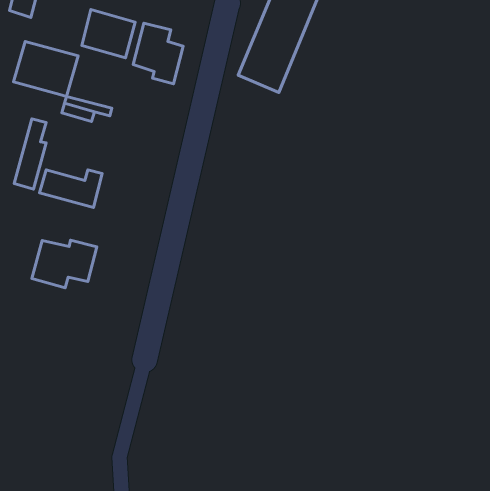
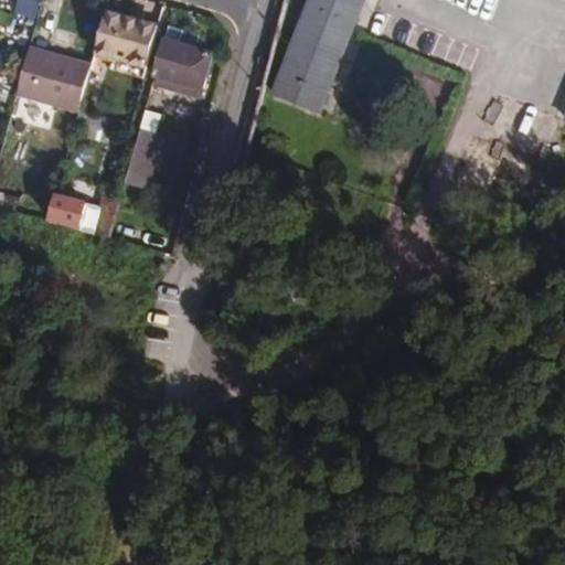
building: [14,119,46,189] -> [122,108,159,189]
building: [32,240,97,288] -> none

